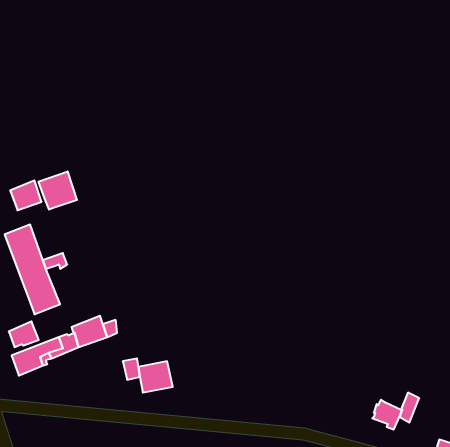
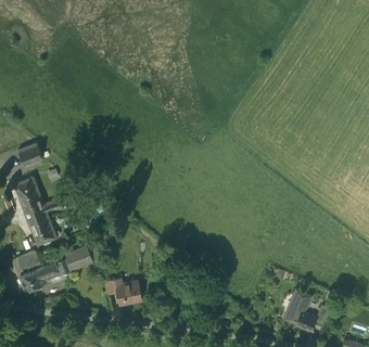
building: [39,171,77,210] -> none
building: none -> [284,290,310,323]

